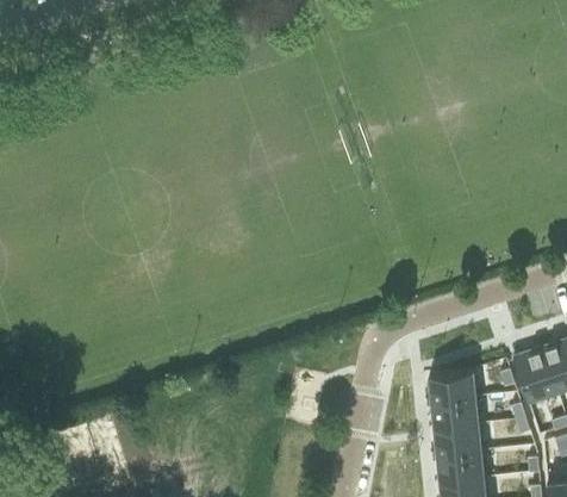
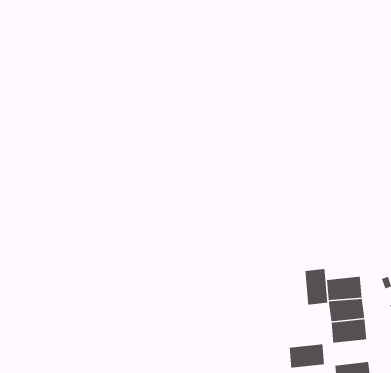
building: none -> [304,268,328,305]
building: [437,449,484,482] -> [289,343,325,369]

